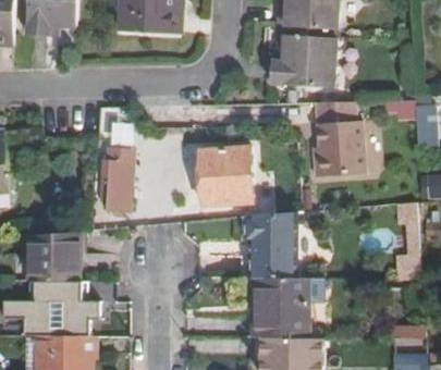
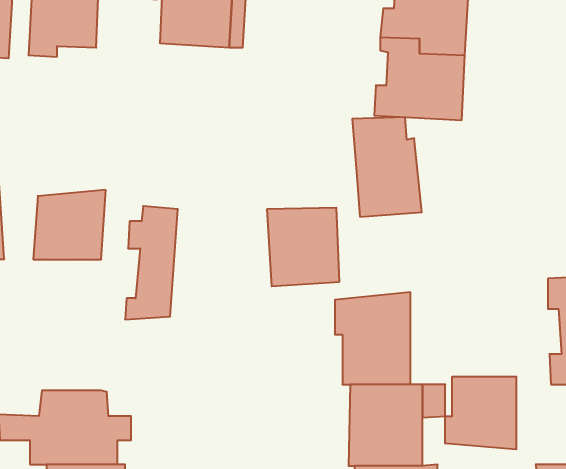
building: [315,103,365,175] -> [352,117,422,217]
building: [28,232,81,282] -> [33,190,106,259]
building: none -> [445,377,516,449]

